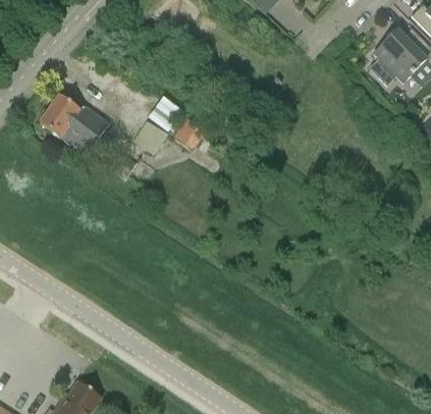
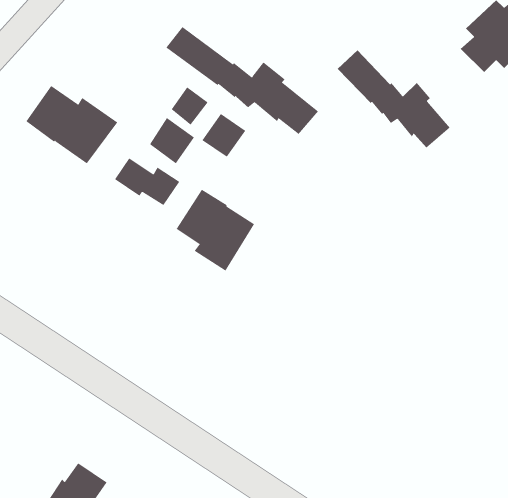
building: none -> [165,26,319,135]
building: none -> [337,50,450,149]
building: none -> [176,189,255,271]

